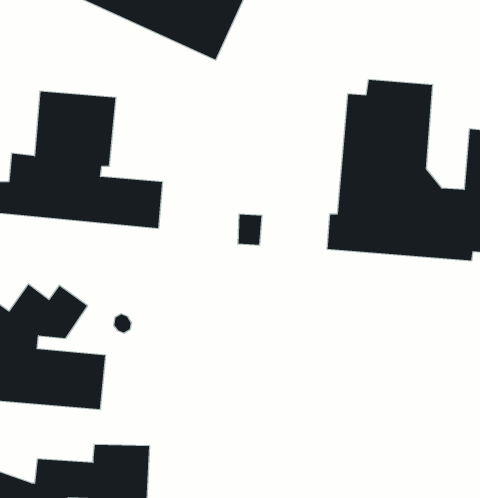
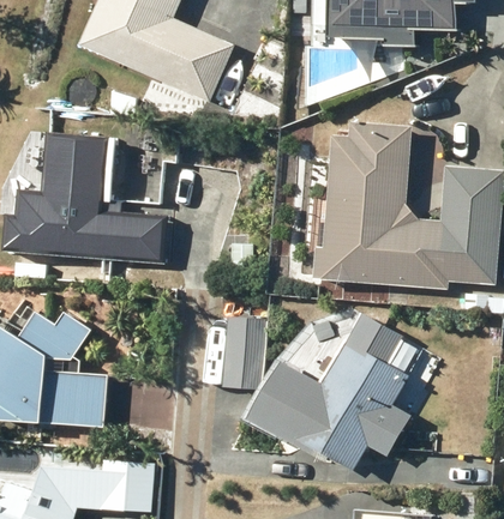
building: none -> [222,313,409,467]

